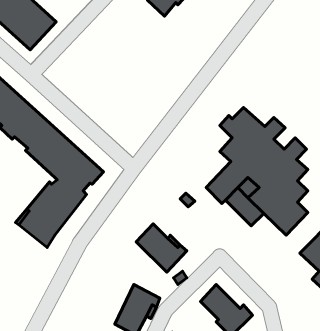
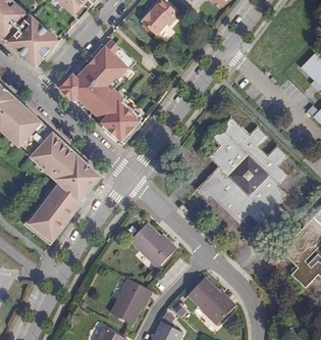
building: none -> [59,39,141,143]

